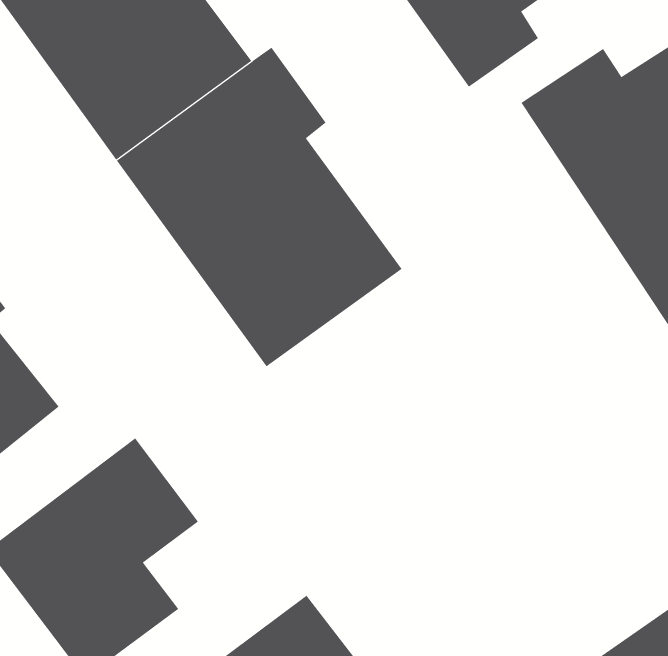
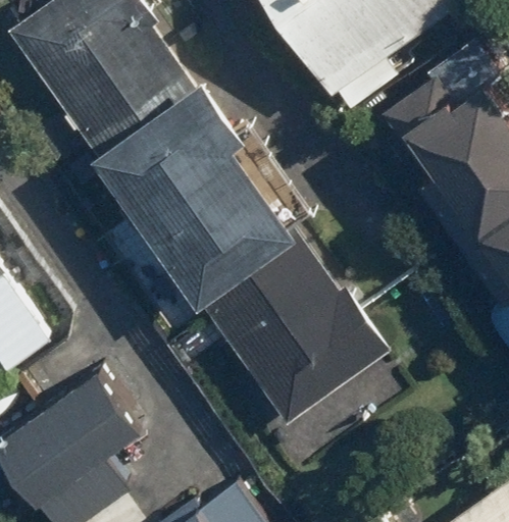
building: none -> [202,238,390,430]

